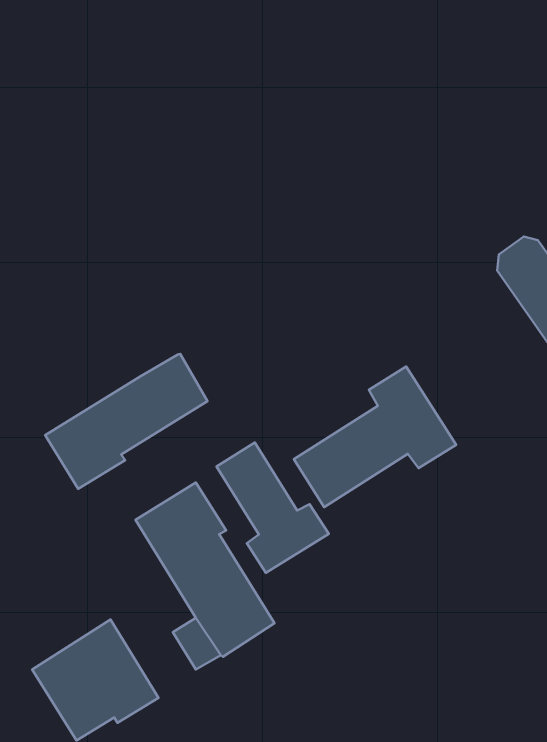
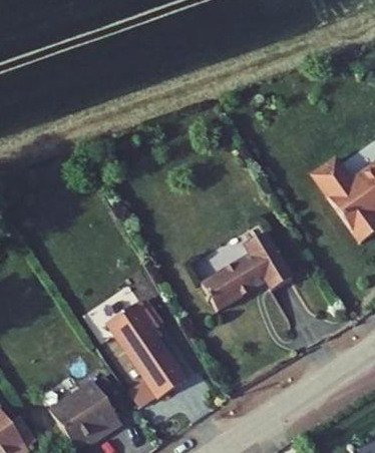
building: [45,354,208,489] -> none
building: [216,443,329,573] -> none

